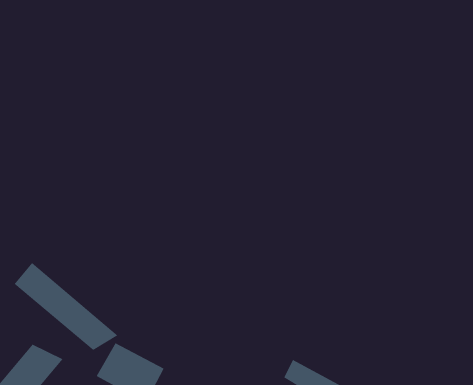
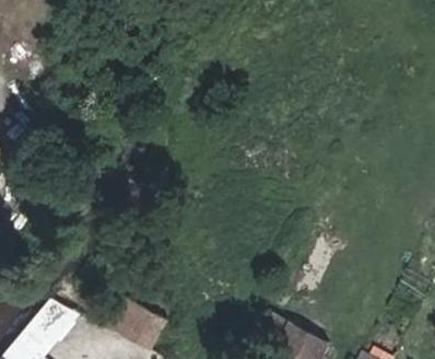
building: [14,262,119,351] -> none

